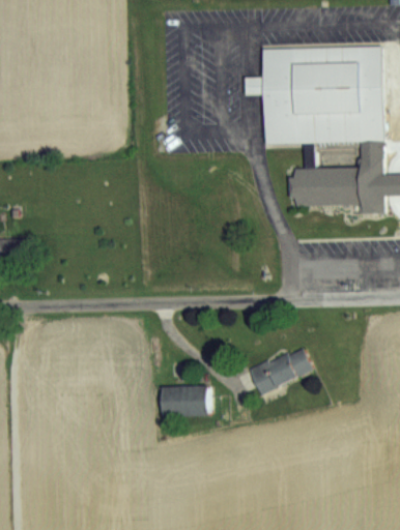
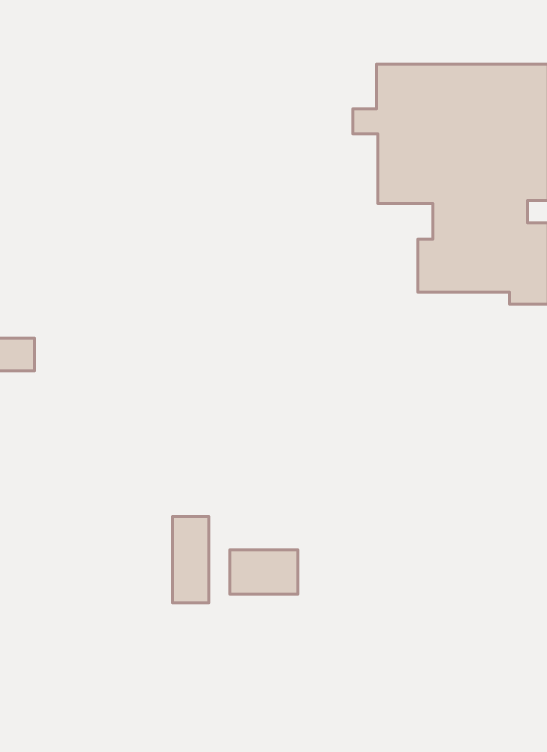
building: [249,346,312,393] -> none
building: none -> [172,517,209,603]

